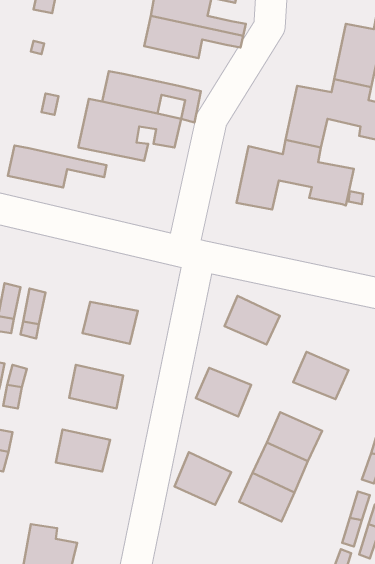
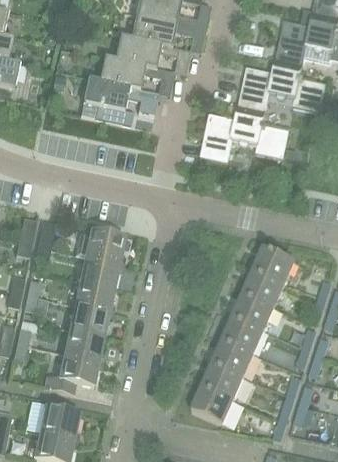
building: [8,146,107,188] -> [114,35,189,67]
building: [224,296,280,345] -> [253,246,295,283]
building: none -> [78,255,119,287]
building: [196,368,251,417] -> [233,292,275,329]
building: none -> [68,304,109,336]
building: [174,452,231,505] -> [191,383,234,423]
building: none -> [46,353,98,394]

